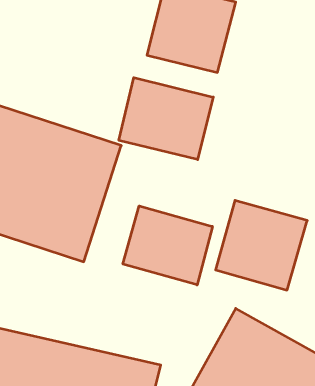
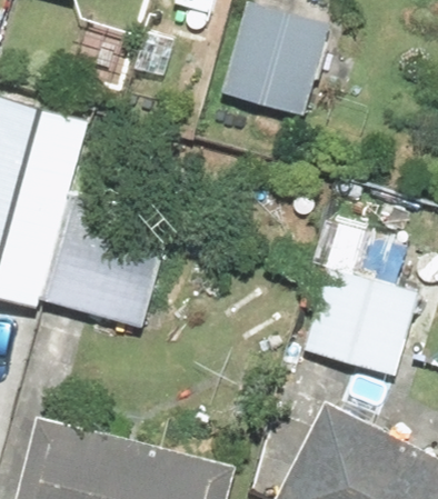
building: [119,78,213,160] -> none
building: [123,206,212,285] -> none

